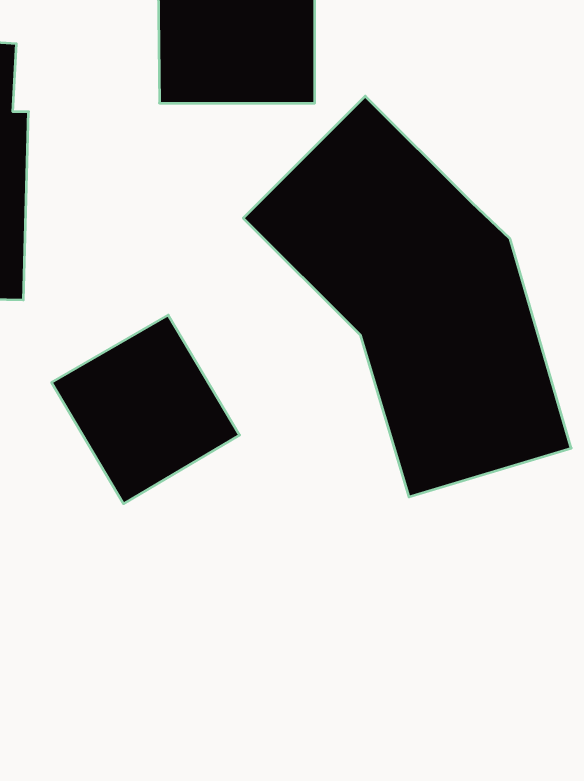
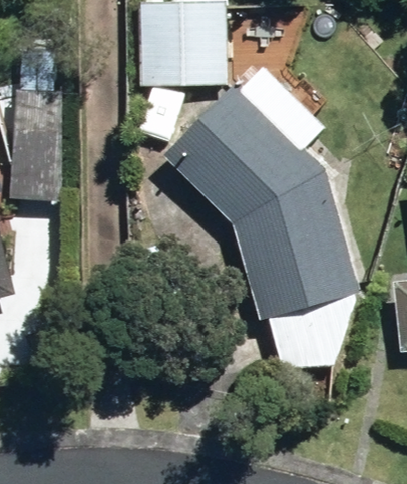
building: [52,315,240,504] -> none

